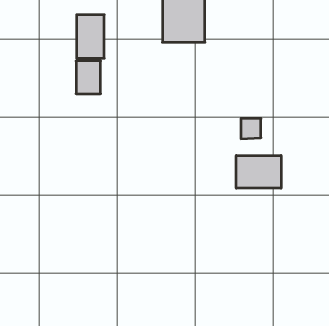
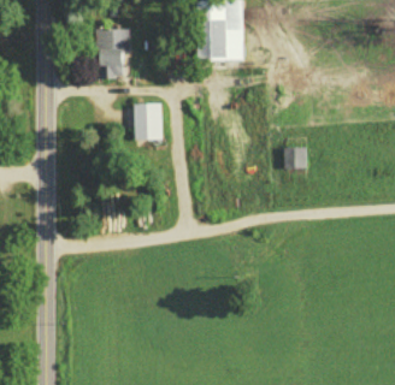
building: [76,61,101,94] -> [132,103,160,141]
building: [236,155,281,188] -> none

